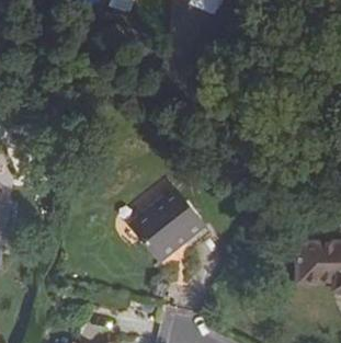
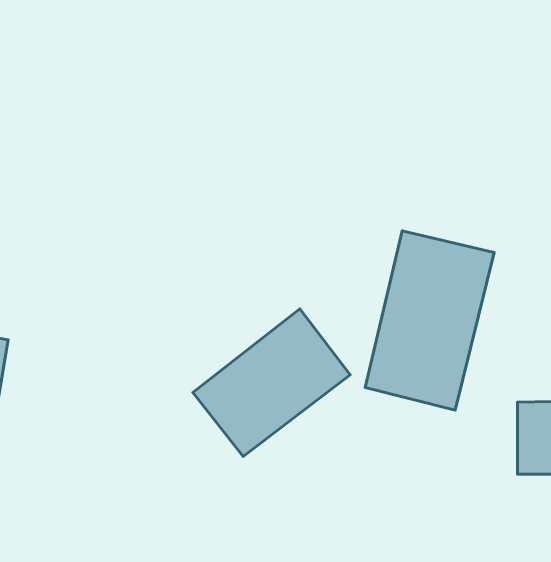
building: none -> [365,231,494,410]

